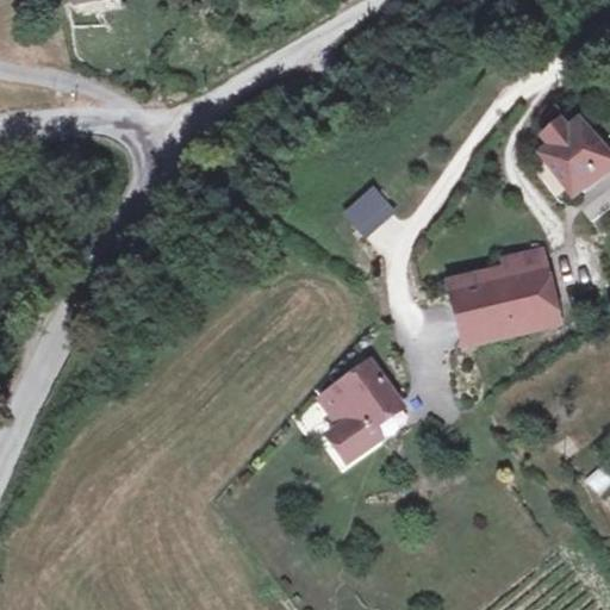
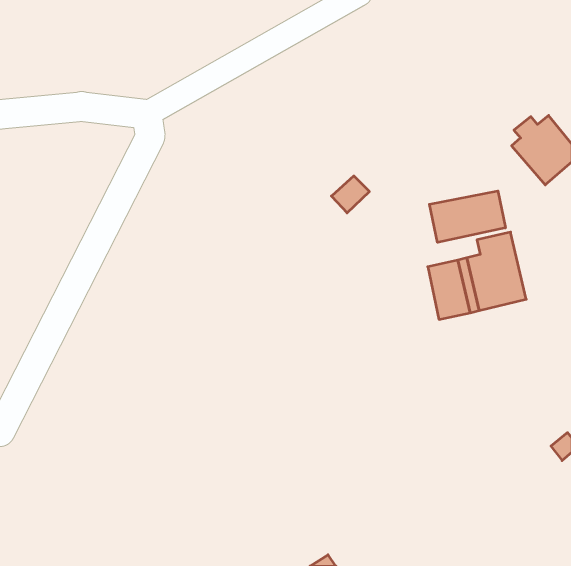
building: none -> [429,191,505,242]
building: [316,361,394,460] -> none

